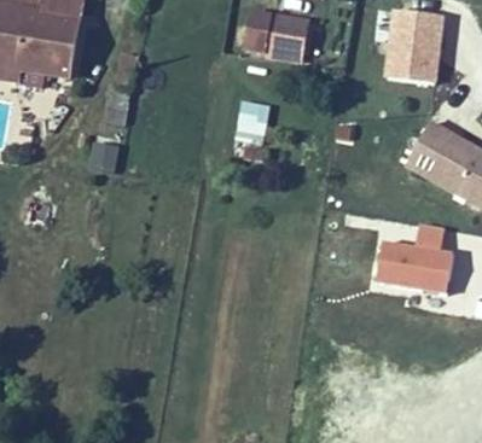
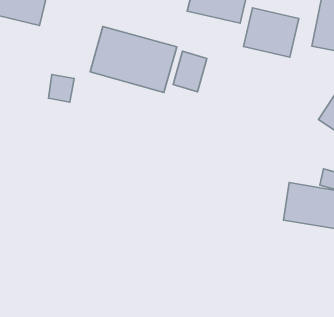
building: none -> [243,8,299,57]
building: none -> [90,27,177,92]

